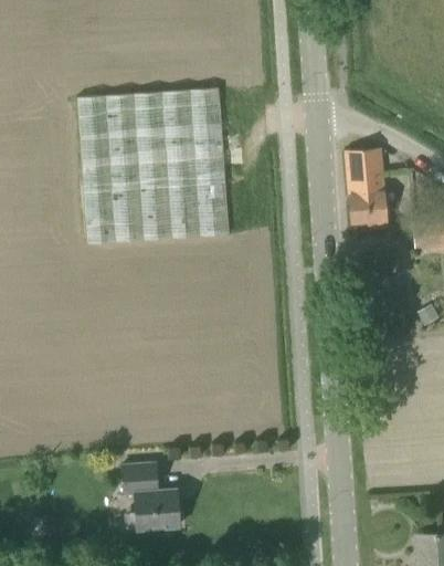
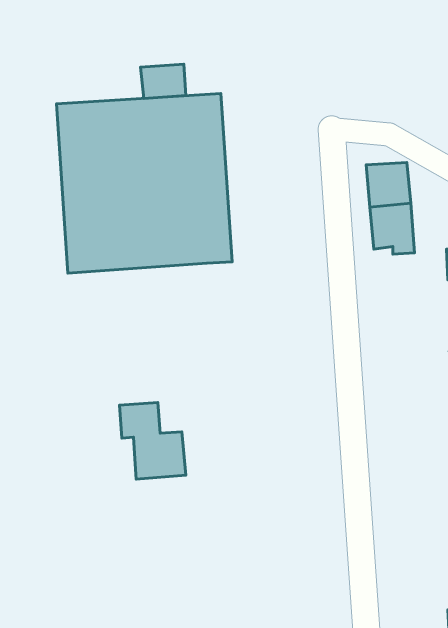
building: none -> [140,64,186,98]
building: [121,463,179,530] -> [119,403,186,479]

